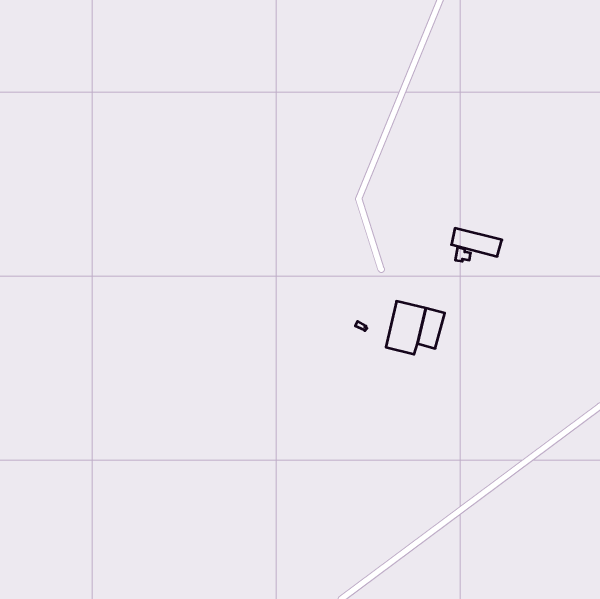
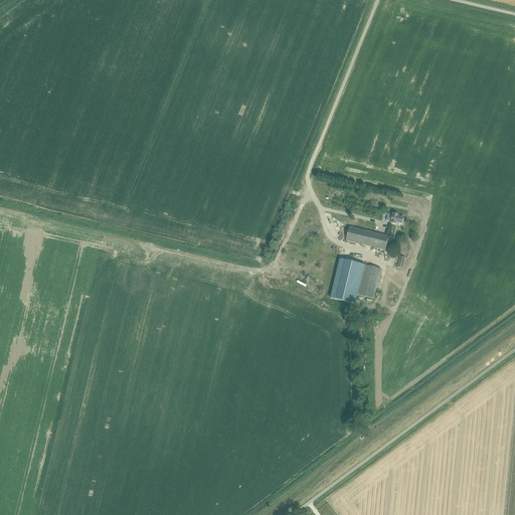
building: [451,228,502,256] -> [345,225,388,249]

